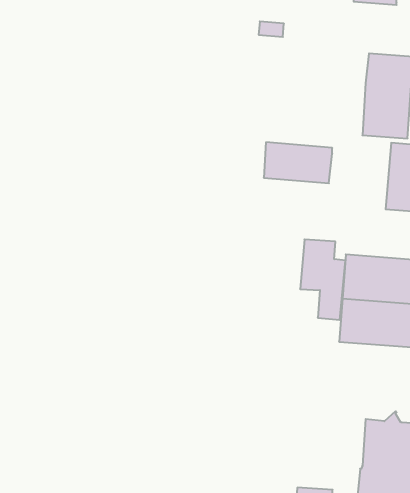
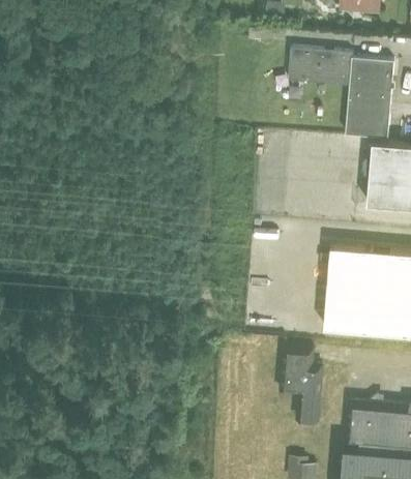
building: [264,142,332,183] -> [289,50,353,88]
building: [300,239,345,320] -> [281,348,323,423]

